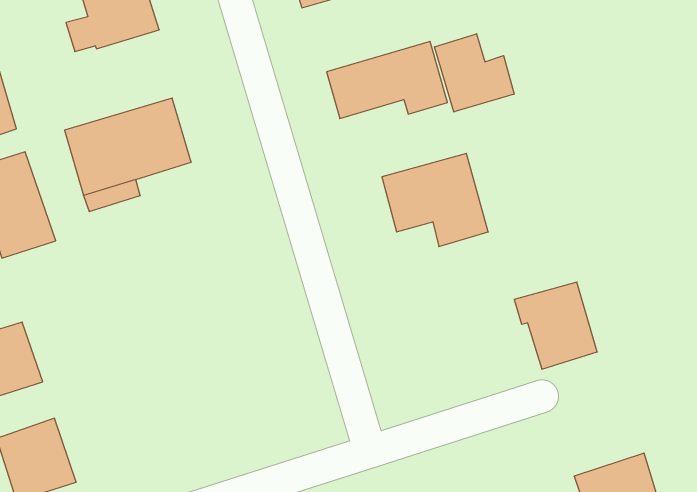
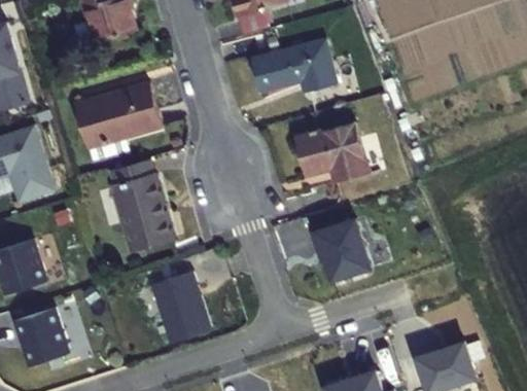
building: [435,34,514,112] -> none
building: none -> [104,159,168,249]
building: [514,282,597,369] -> [314,217,373,279]
building: none -> [155,272,215,343]

